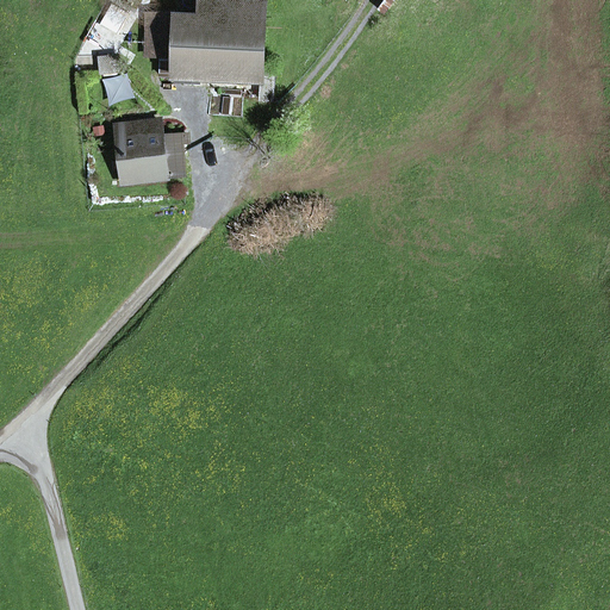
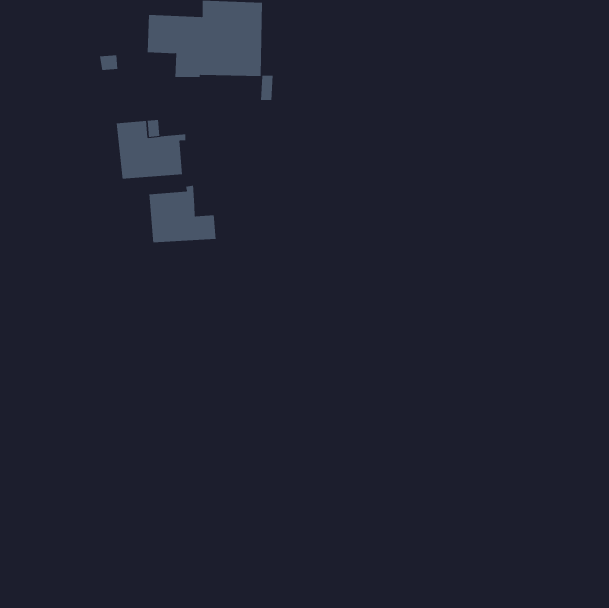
building: none -> [149,185,216,243]

